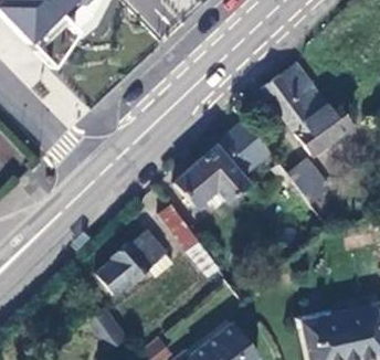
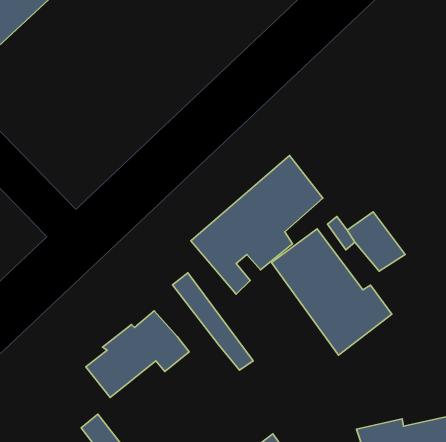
building: [264,65,351,157] -> [272,229,392,355]

